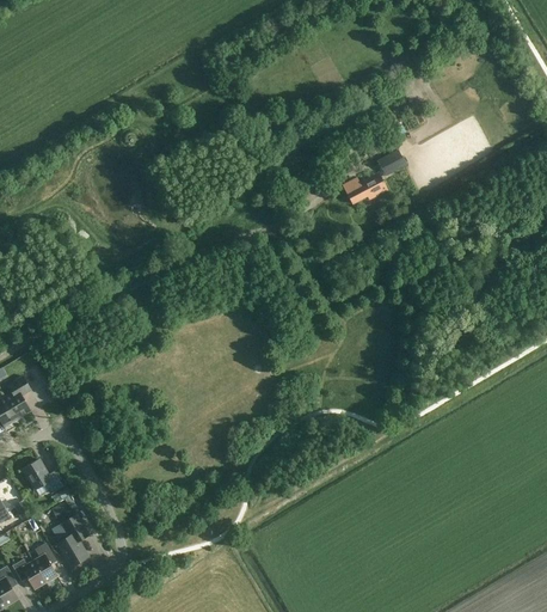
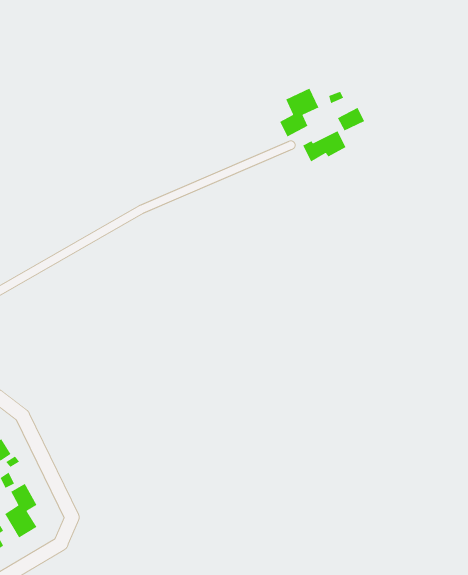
building: none -> [279,87,320,138]

